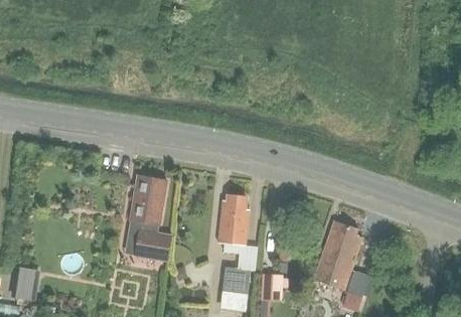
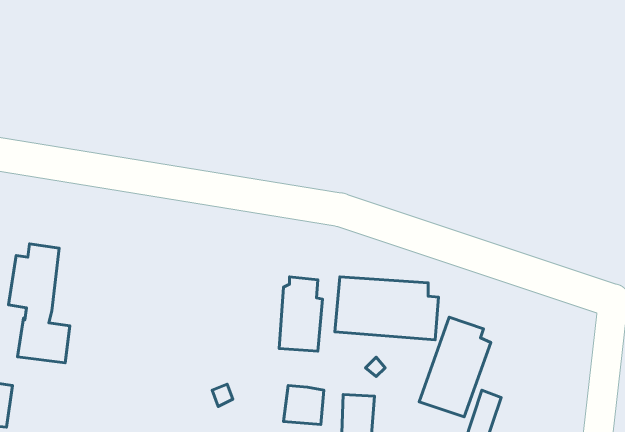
building: [130,178,171,259] -> [9,244,70,363]
building: none -> [335,277,439,340]

